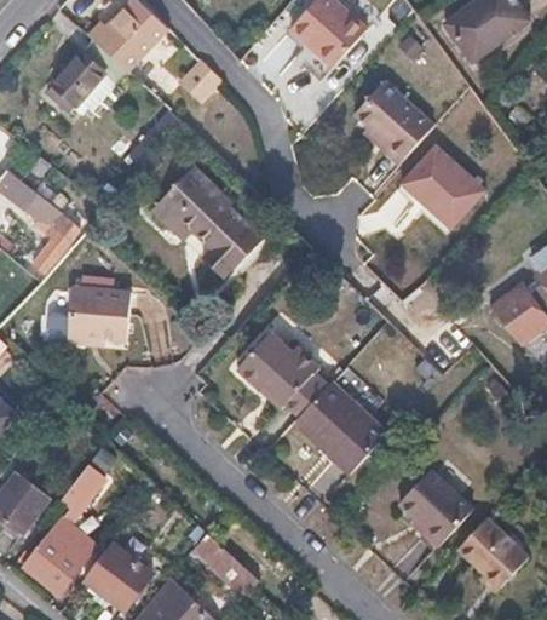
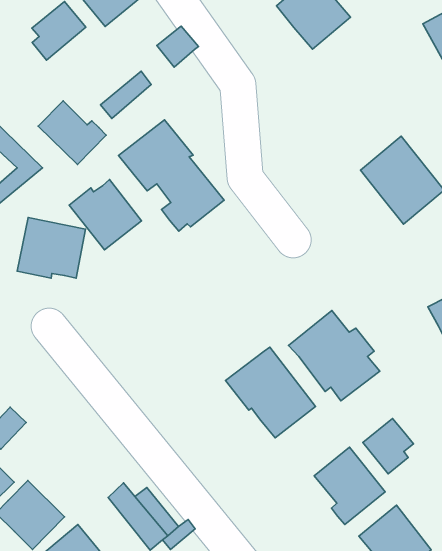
building: [356,84,433,165] -> none
building: none -> [38,101,106,164]
building: none -> [69,180,141,250]
building: [234,326,329,415] -> [288,311,380,401]
building: none -> [363,418,414,474]

